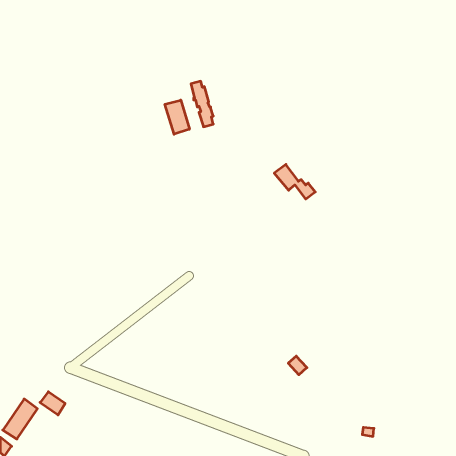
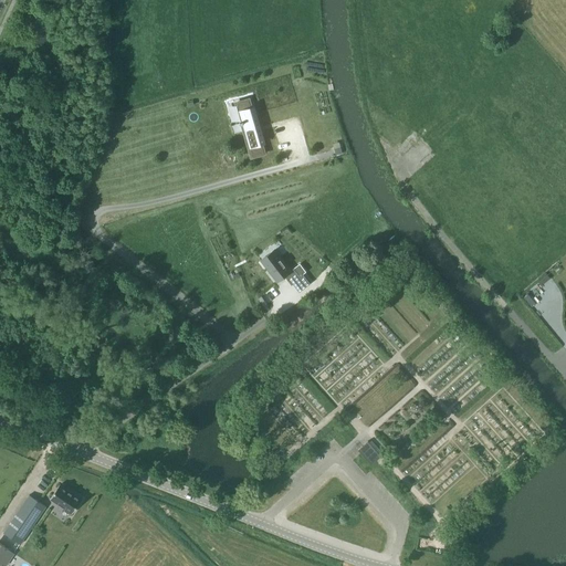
building: [165,100,189,134] -> none
building: [274,164,315,199] -> [260,250,311,293]

